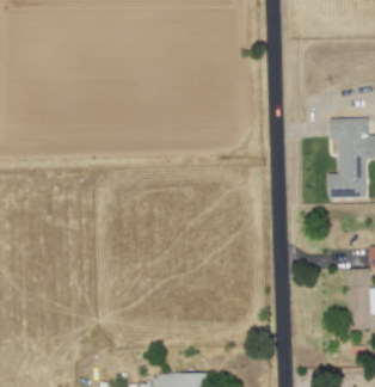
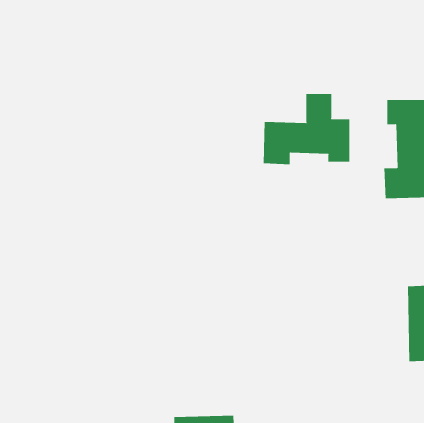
building: none -> [263,93,350,165]

